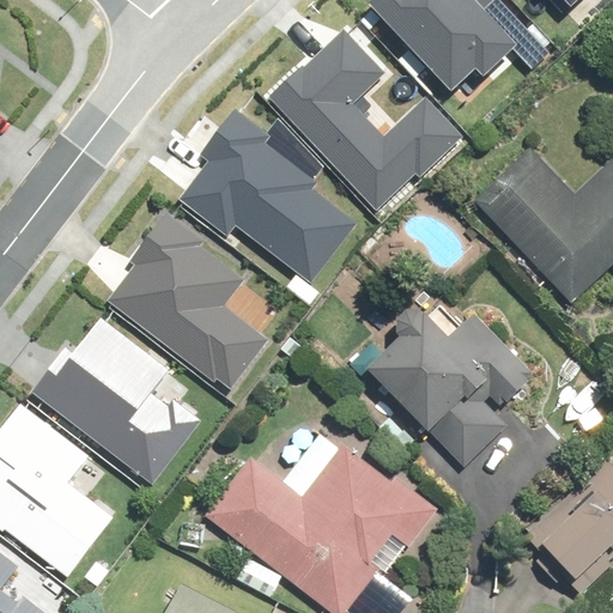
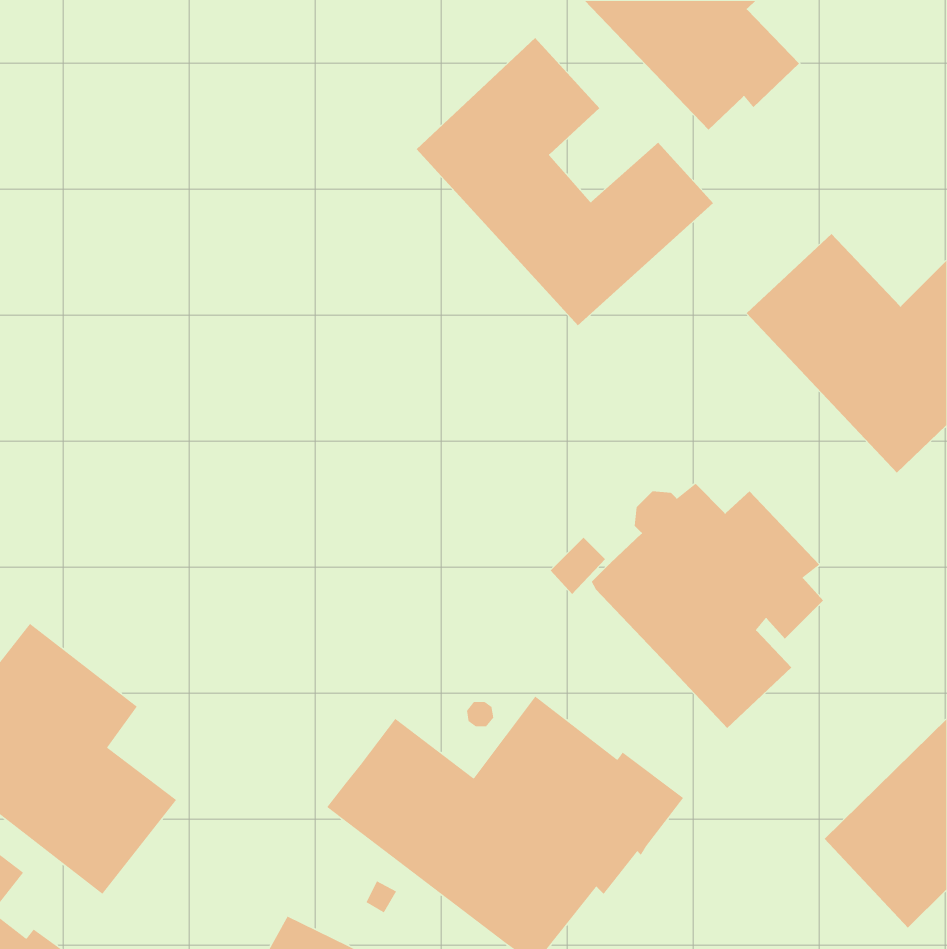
building: [177,105,351,278] -> none
building: [108,210,263,384] -> none
building: [31,312,195,478] -> none

